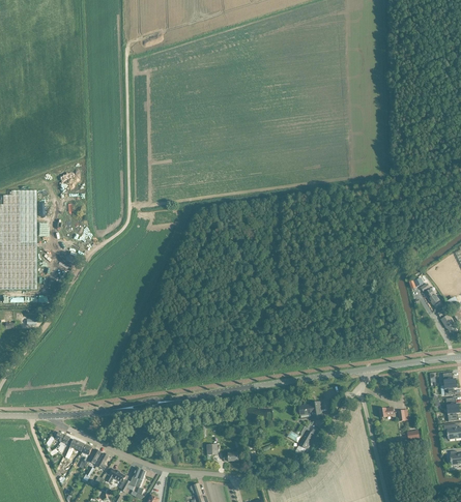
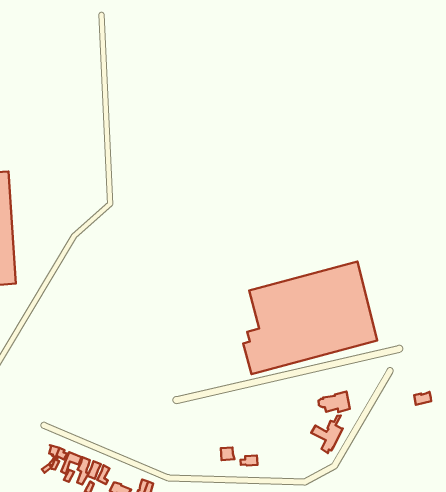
building: none -> [243,261,377,374]

